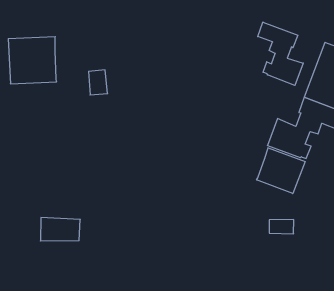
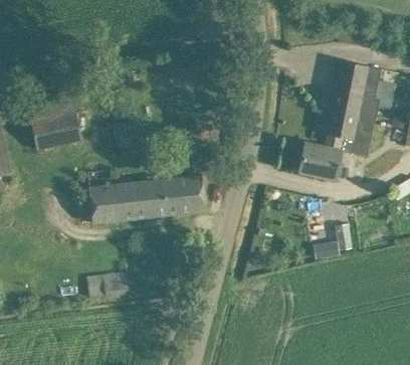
building: [258,22,303,85] -> none
building: none -> [88,174,206,223]
building: [257,148,305,194] -> none

